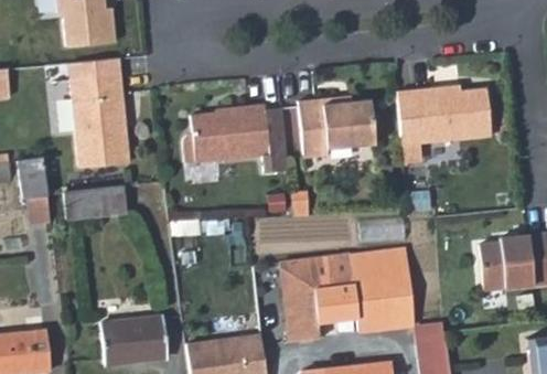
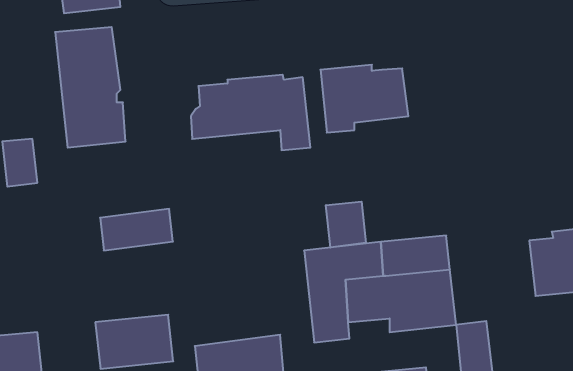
building: [394,85,489,145] -> none
building: [67,189,131,225] -> [100,209,173,250]
building: none -> [326,202,366,248]

